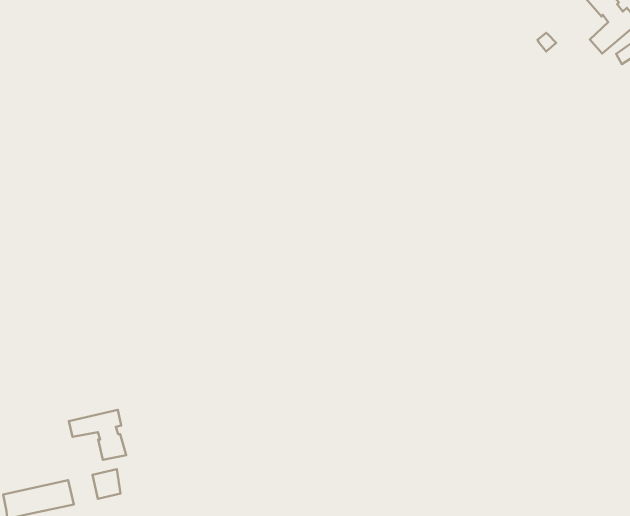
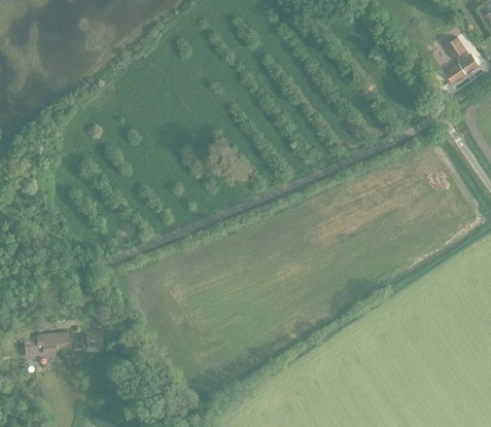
building: [69,410,126,460] -> none

